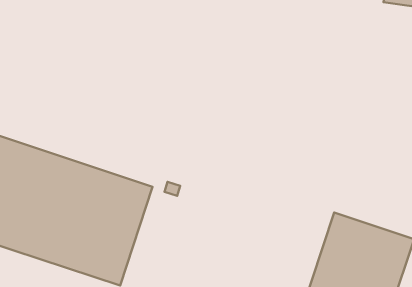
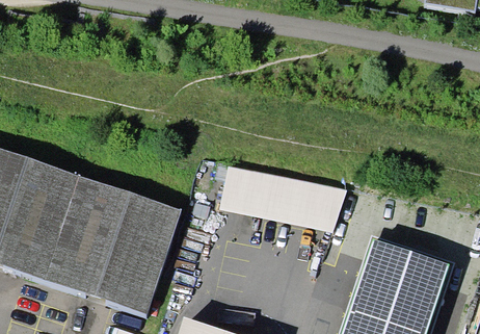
building: none -> [218,166,346,232]

